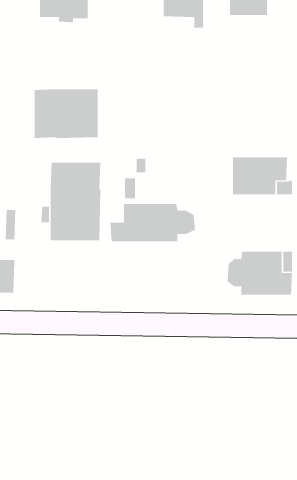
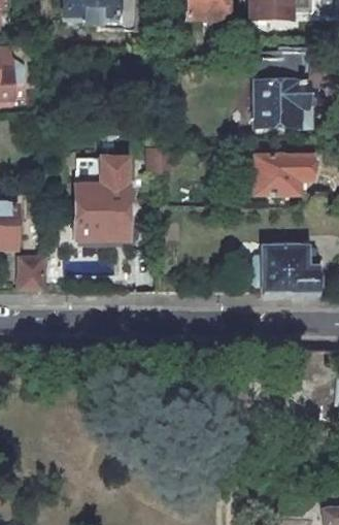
building: none -> [257,51,305,126]
building: [34,89,98,139] -> none
building: [110,203,196,242] -> none

